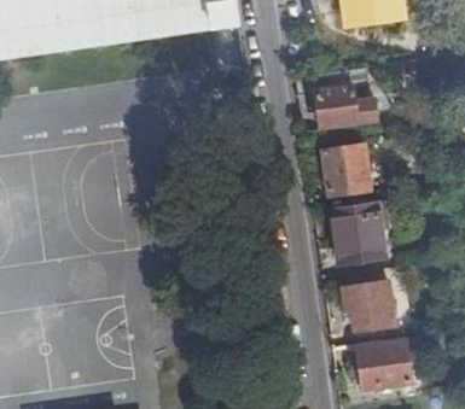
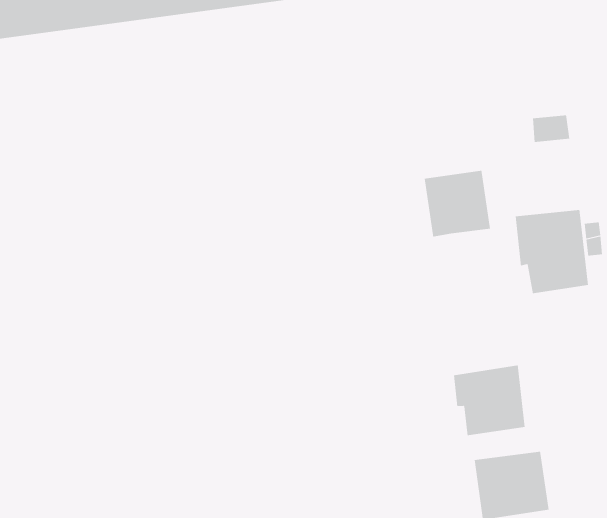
building: [314,69,376,128] -> none
building: [331,203,383,262] -> [515,209,589,294]

